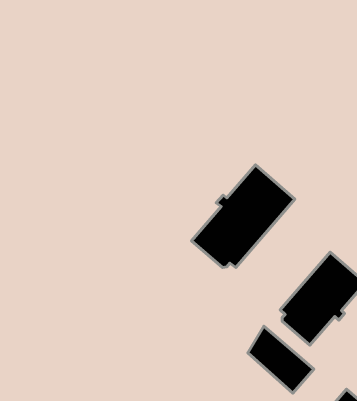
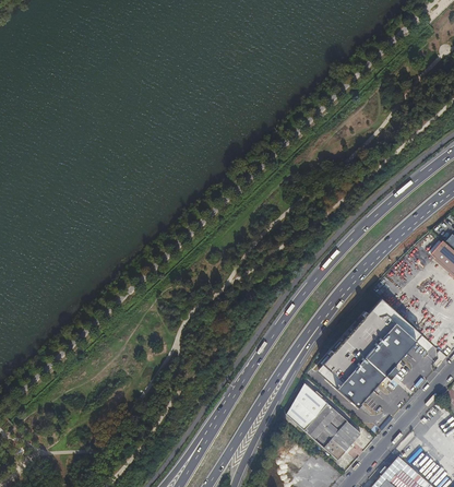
building: [192,165,295,268] -> none

